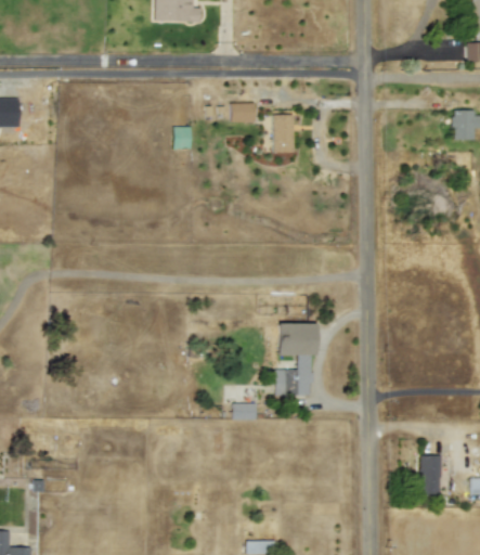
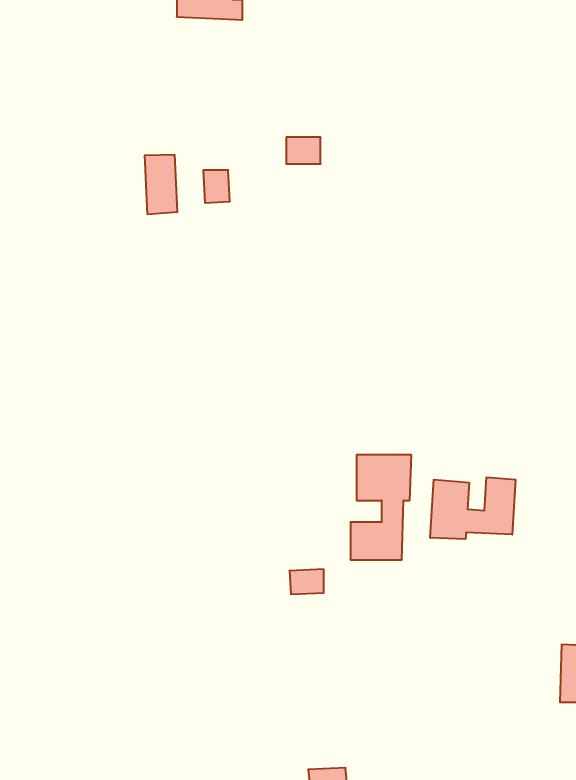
building: [273,114,294,152] -> none
building: none -> [145,155,177,214]
building: none -> [430,477,516,539]

